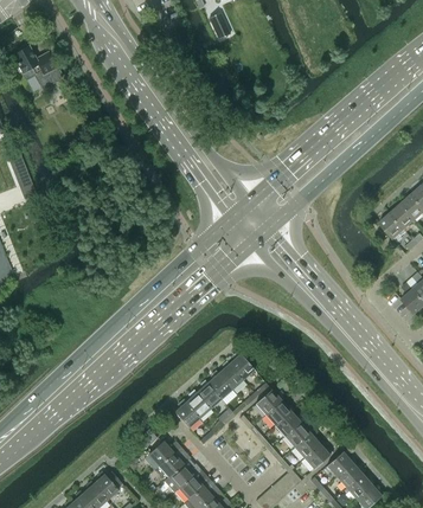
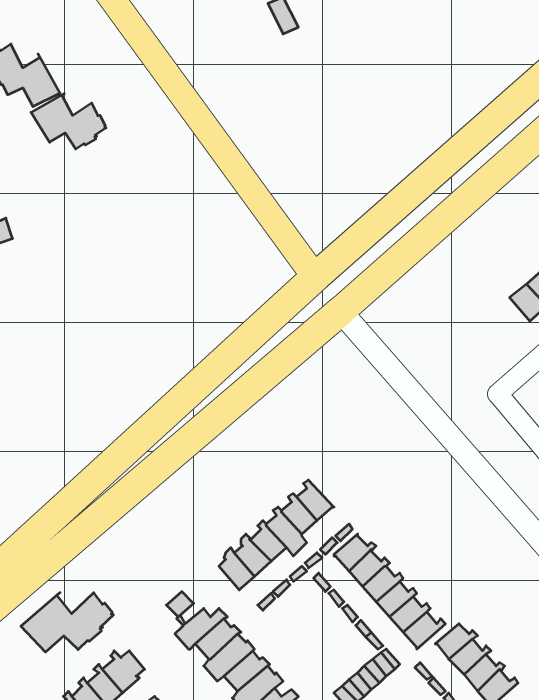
building: none -> [31,94,106,149]
building: none -> [21,593,113,652]

